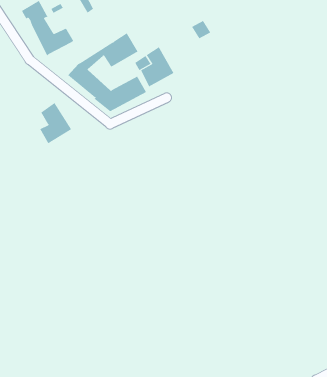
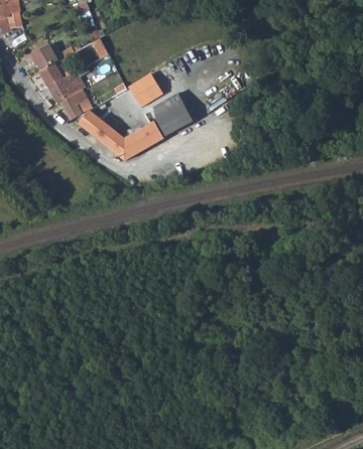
building: none -> [58,88,93,120]
building: [40,102,72,144] -> none

